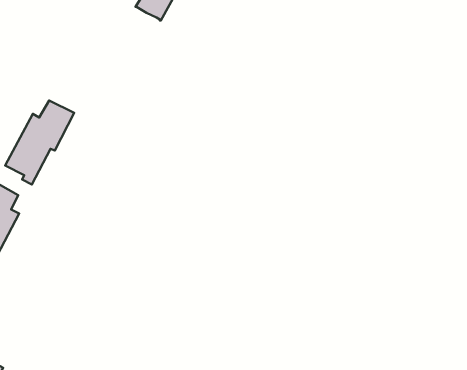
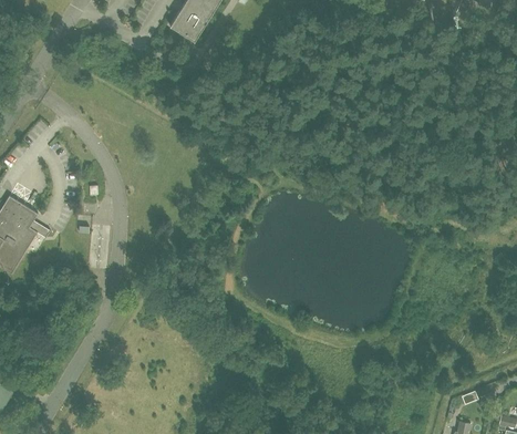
building: [5,101,74,185] -> none

